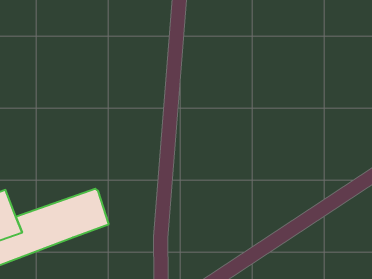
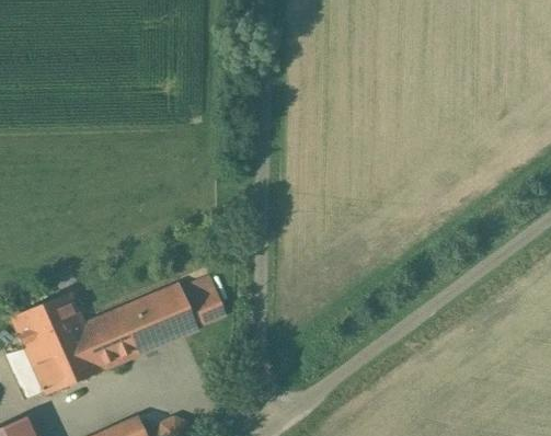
building: none -> [181,275,226,325]

